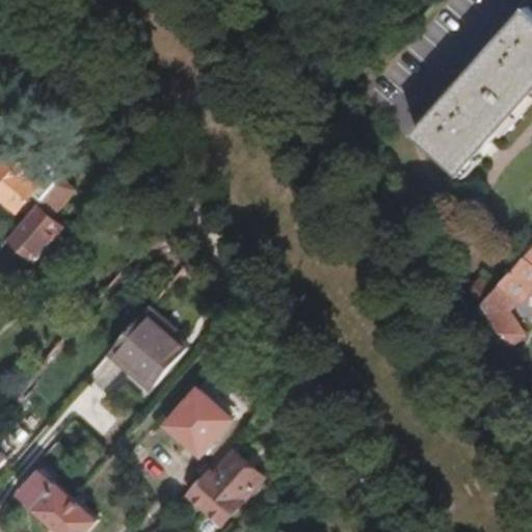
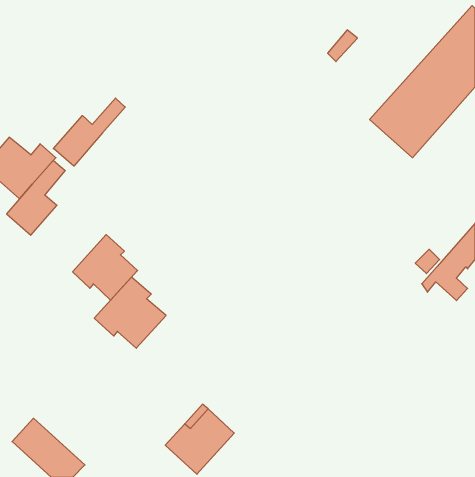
building: none -> [53,98,125,166]
building: none -> [73,235,138,300]
building: [162,391,228,456] -> none

